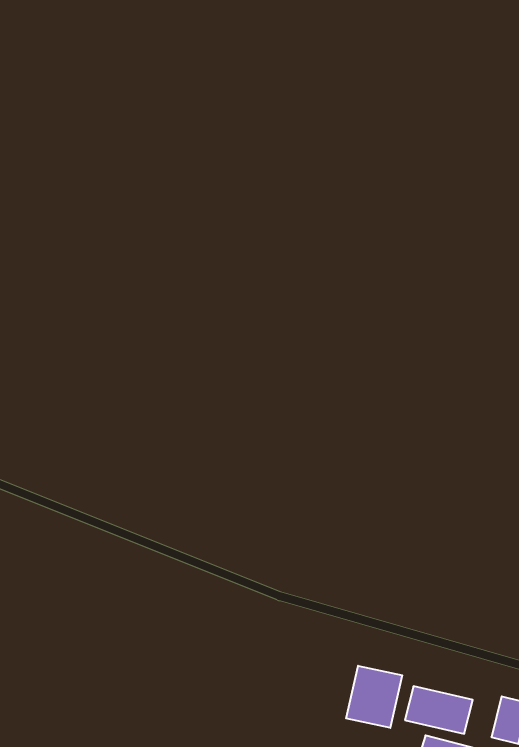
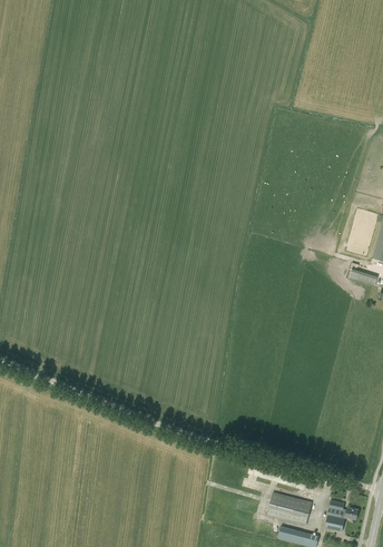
building: [346,666,402,728] -> none

